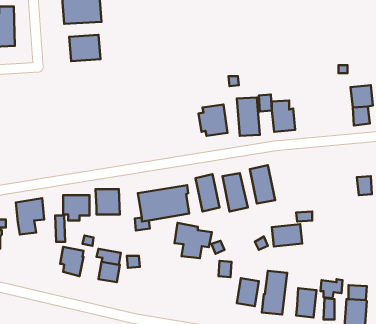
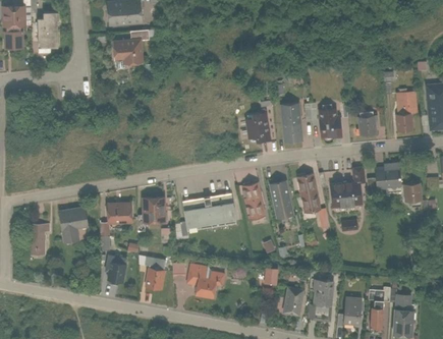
building: none -> [356,113,379,133]
building: none -> [374,164,400,185]
building: [175,223,212,258] -> [186,263,224,298]
building: [272,224,302,247] -> [331,181,362,204]

